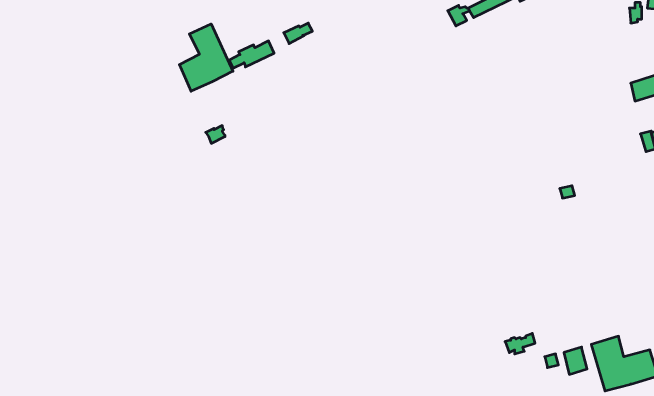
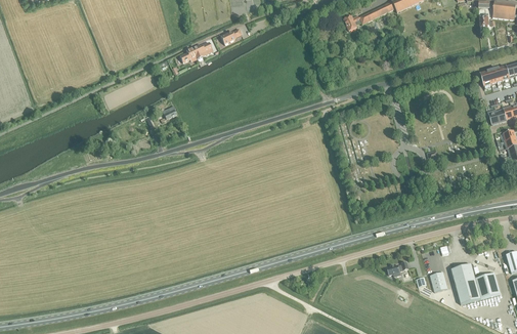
building: [179,24,233,91] -> none

